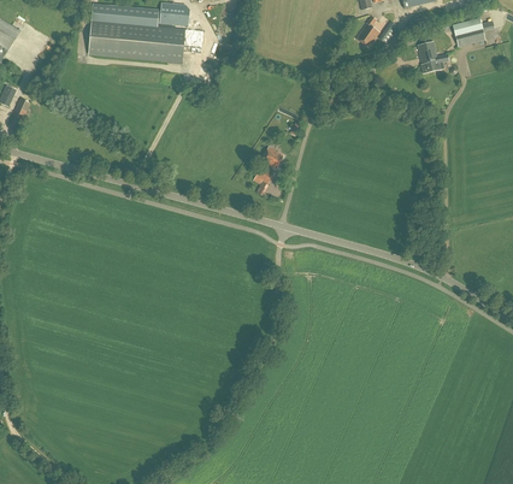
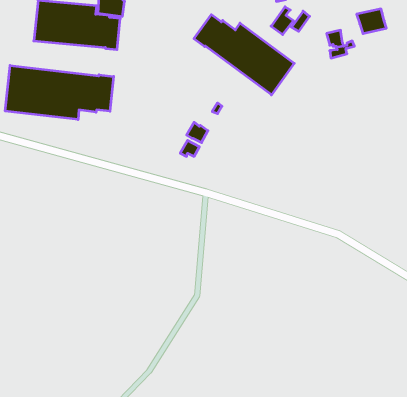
building: none -> [194,15,294,95]
building: none -> [5,65,114,120]

